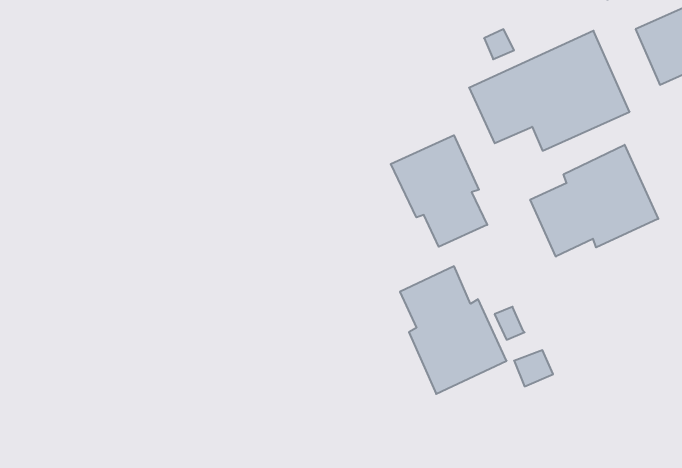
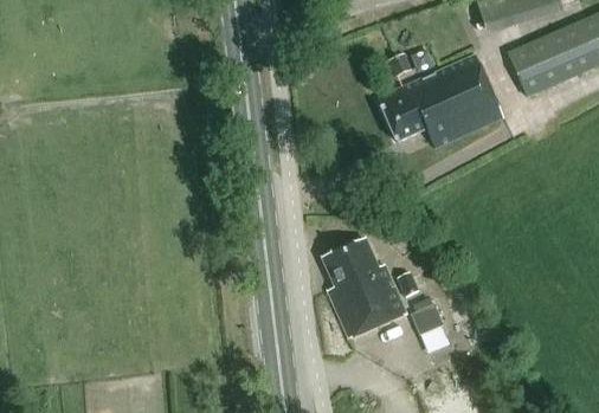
building: [391,135,487,247] -> none
building: [530,145,658,257] -> none

